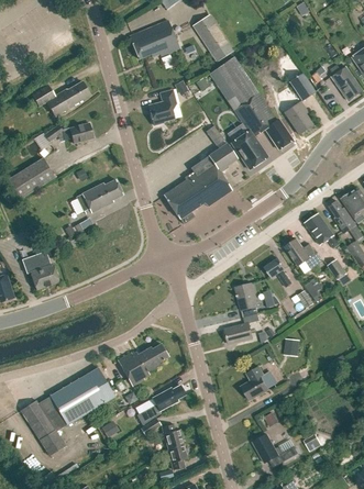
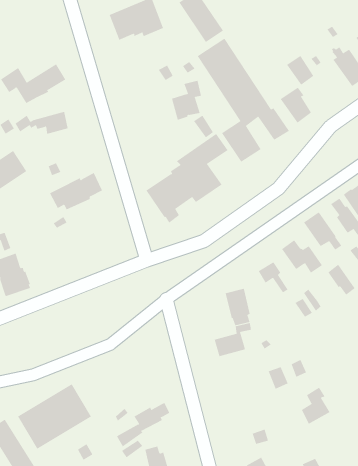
building: [148,88,176,124] -> [171,80,202,120]
building: [117,343,168,387] -> none
building: [242,365,268,399] -> [301,387,330,425]

